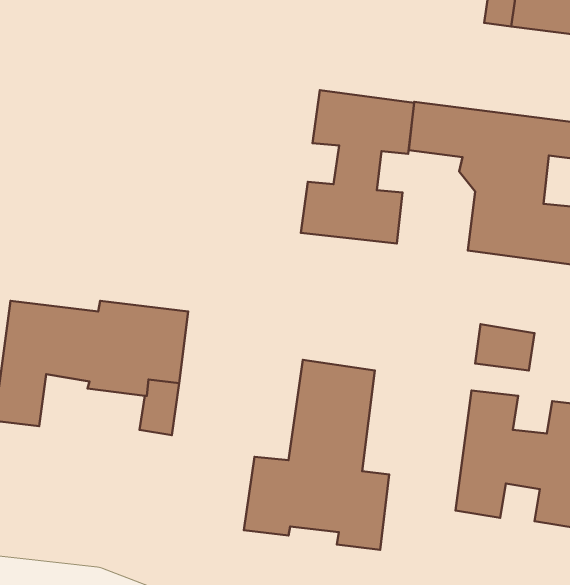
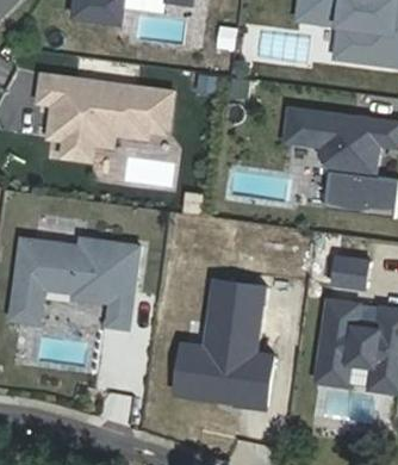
building: none -> [37,74,172,159]
building: [301,90,414,244] -> none

